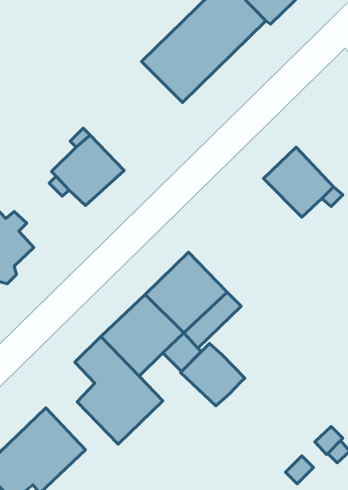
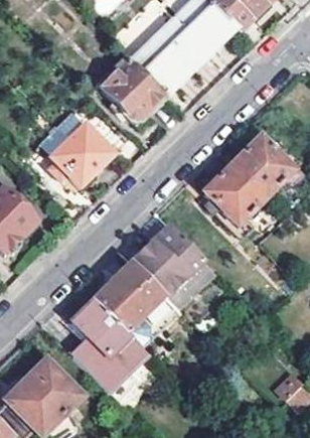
building: none -> [102,61,163,123]
building: none -> [204,162,266,224]
building: [181,344,245,406] -> none

